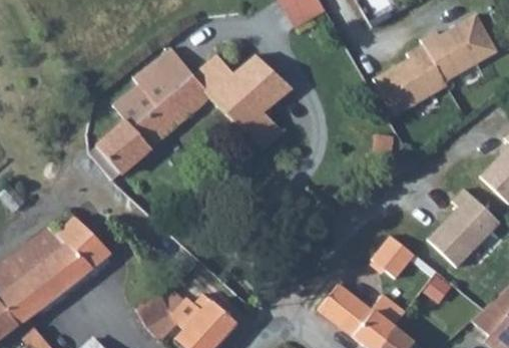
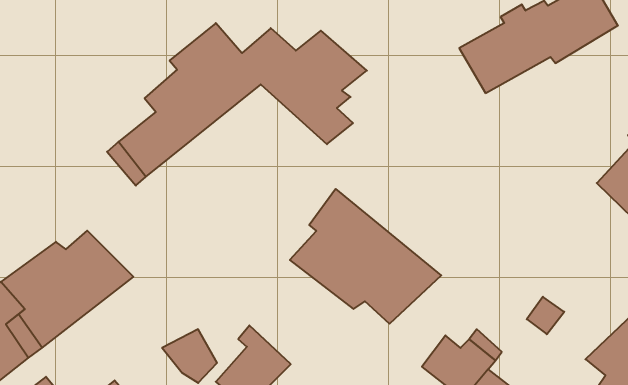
building: none -> [290,189,441,324]
building: [427,192,500,270] -> none
building: [369,238,414,277] -> none
building: [318,284,359,326] -> none

